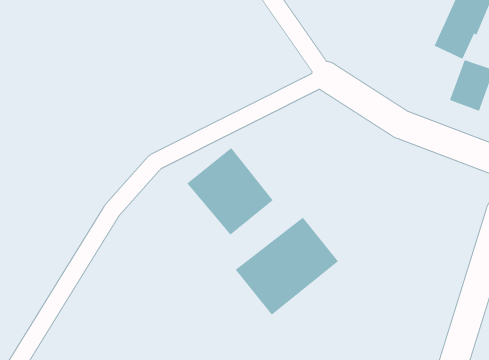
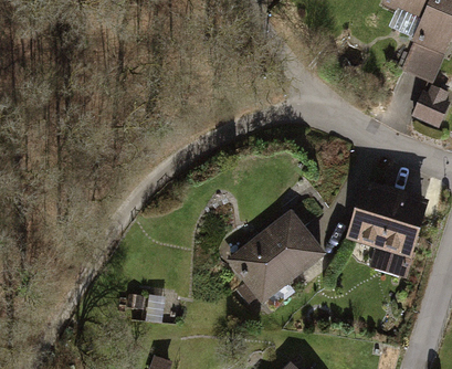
building: [186,147,274,235] -> none
building: none -> [350,189,421,277]

